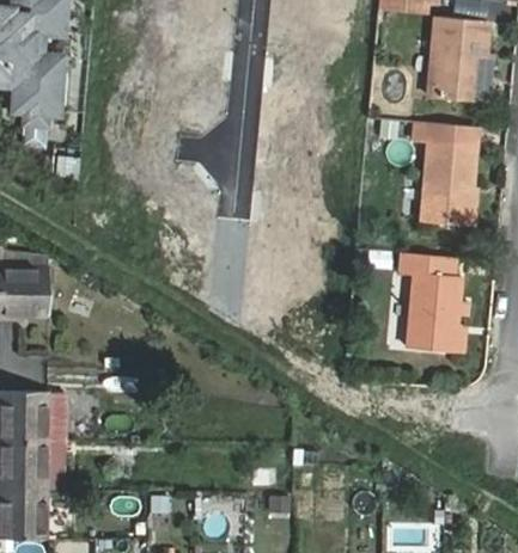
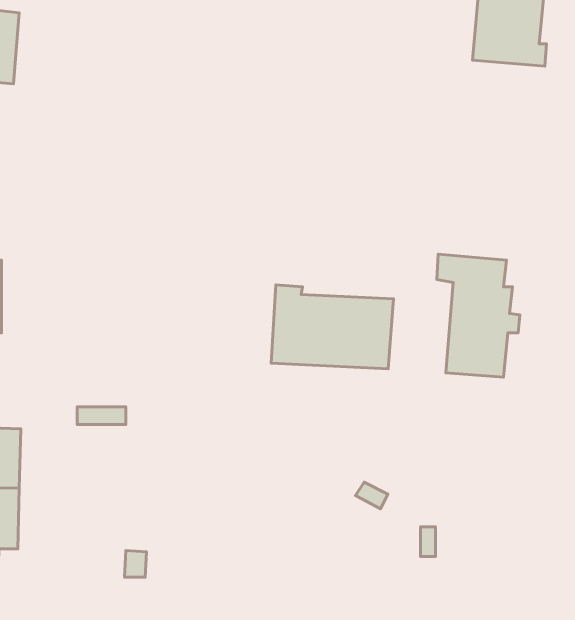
building: [421,141,476,226] -> none
building: none -> [271,285,393,369]

